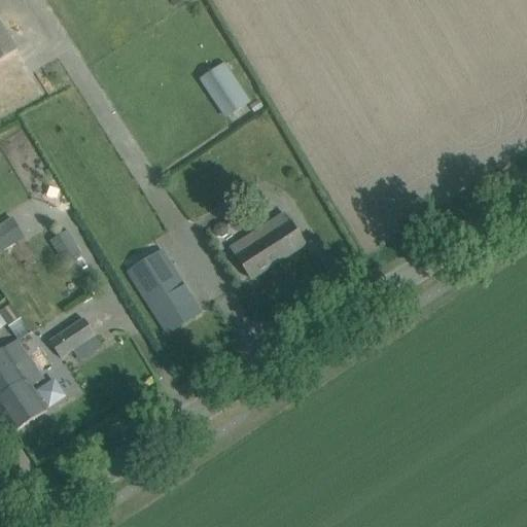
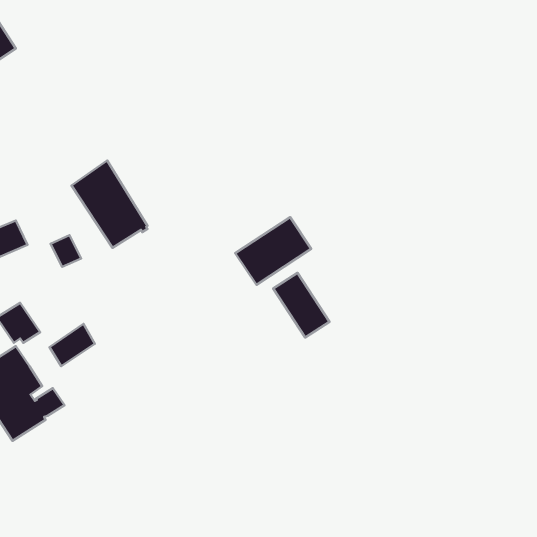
building: [198,61,250,117] -> none
building: [126,247,200,332] -> [71,160,147,248]
building: none -> [273,273,329,337]

